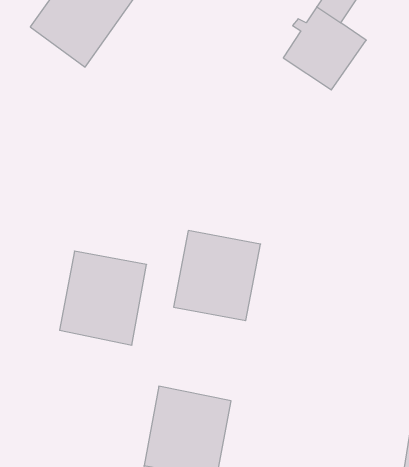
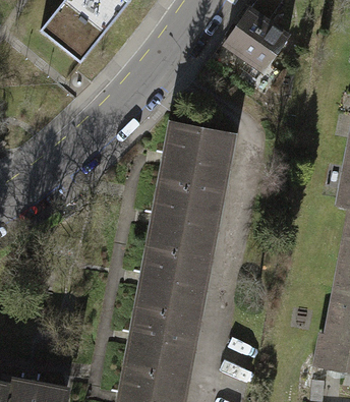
building: none -> [160,125,226,197]
building: [60,251,147,345] -> [137,245,203,317]

